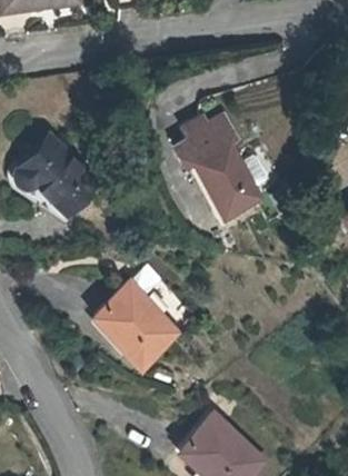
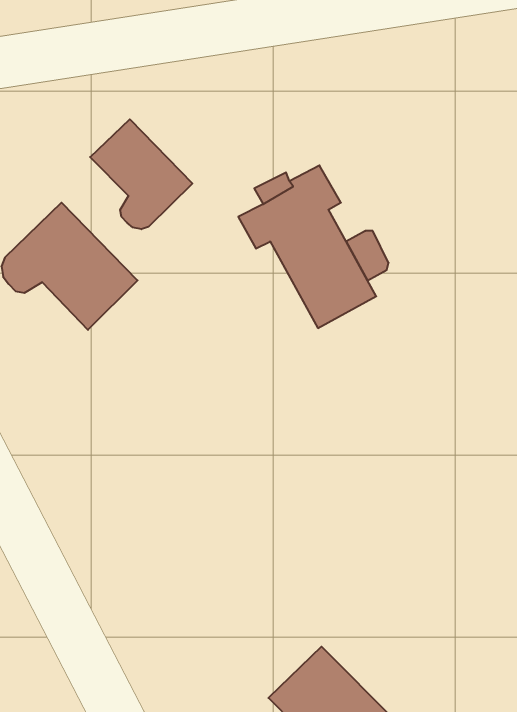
building: none -> [90,119,192,229]
building: [97,288,178,373] -> none

